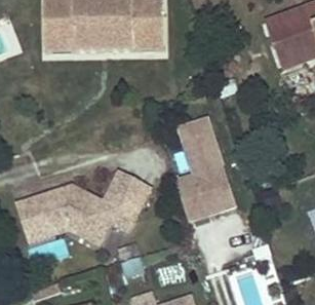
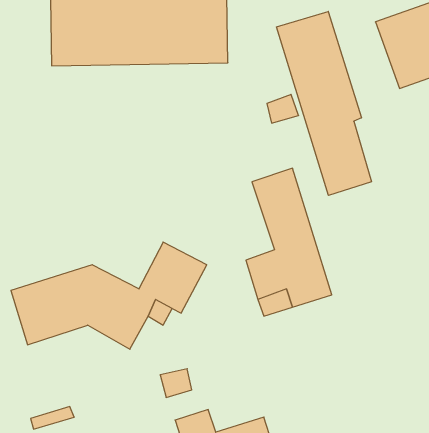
building: none -> [276,11,372,195]

